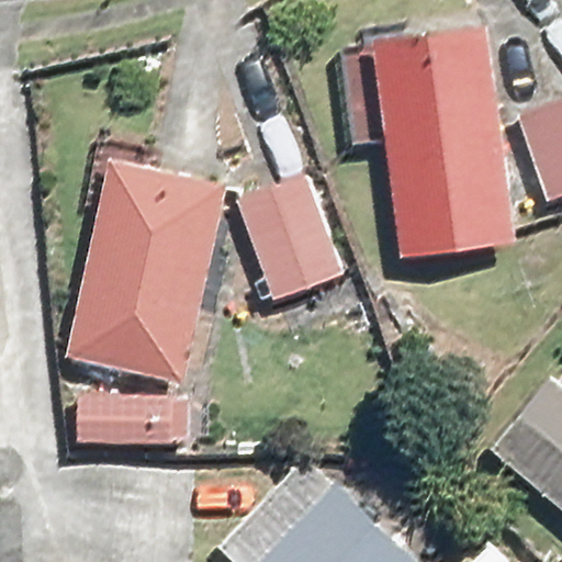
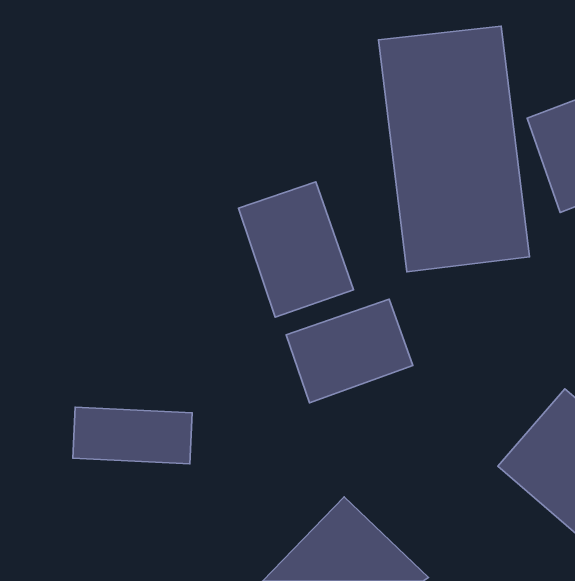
building: [65,158,226,380] -> none
building: none -> [286,299,413,403]

